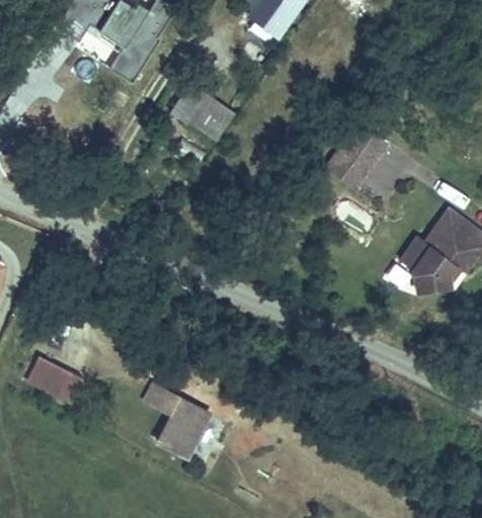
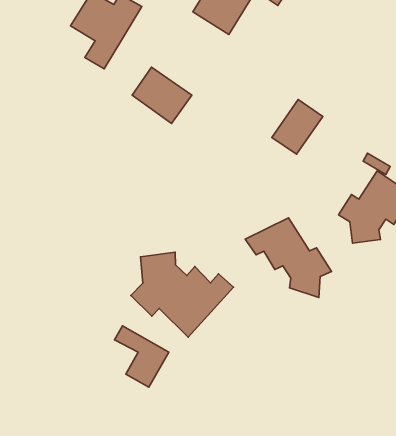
building: none -> [245,218,331,298]
building: none -> [131,252,234,337]
building: [23,349,77,398] -> none

